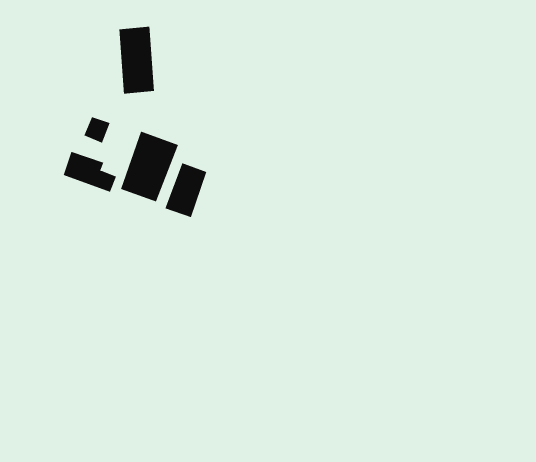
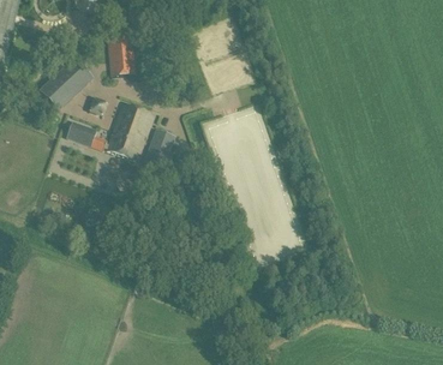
building: none -> [38,55,94,109]

